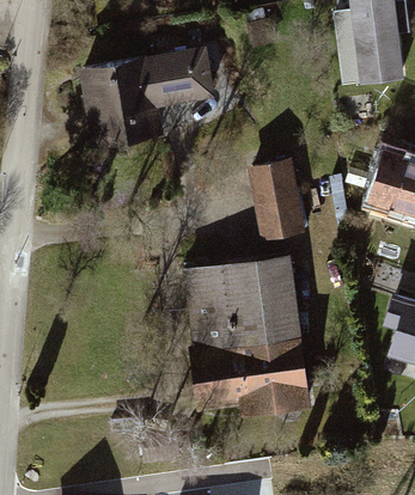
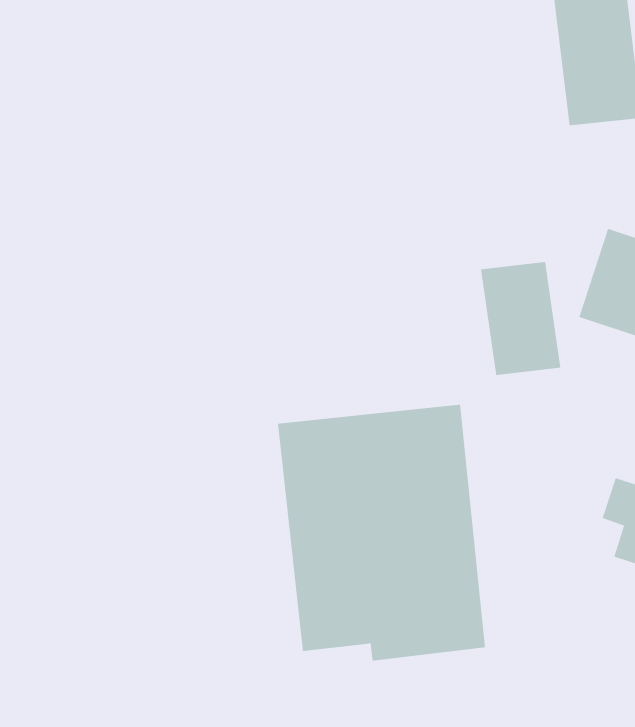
building: [77,47,214,149] -> none
building: [238,163,288,233] -> [480,262,561,376]

